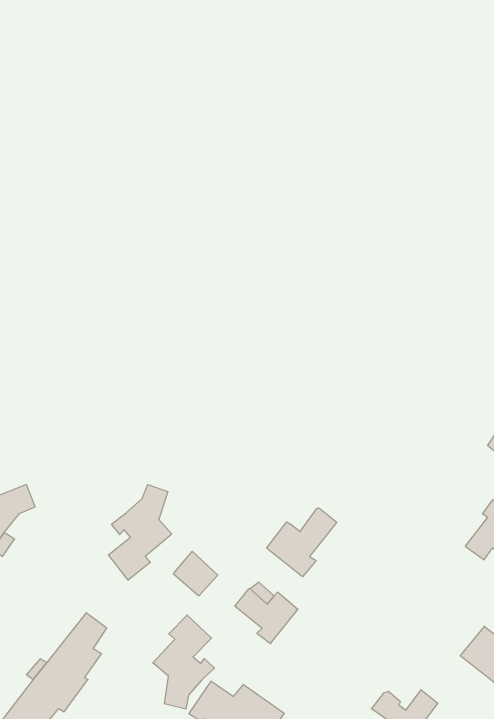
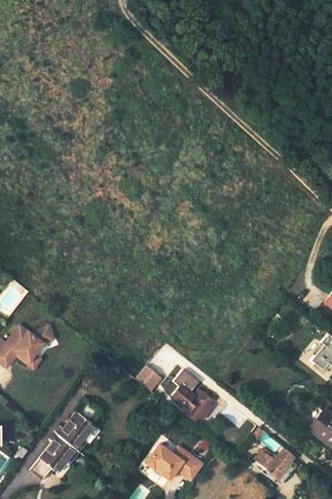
building: [108,485,172,580] -> none
building: [267,508,337,577] -> none
building: [153,615,214,709] -> none

